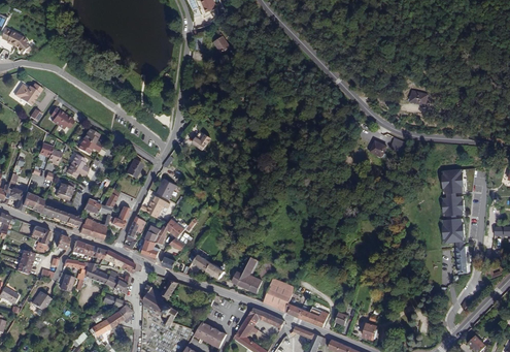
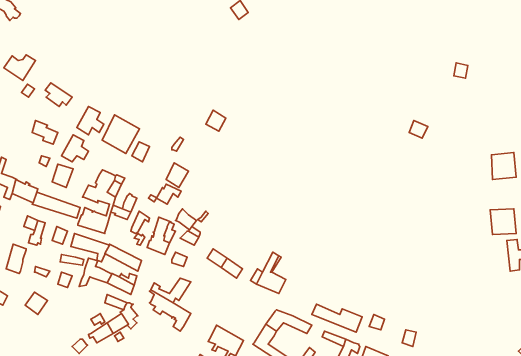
building: none -> [102,115,139,154]
building: [442,194,464,216] -> none
building: [263,278,295,312] -> none

